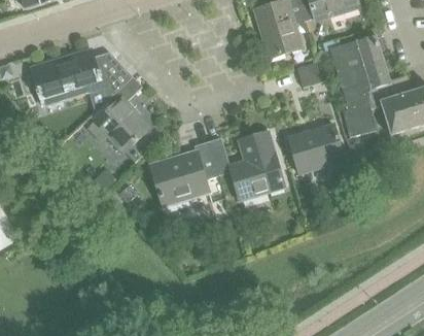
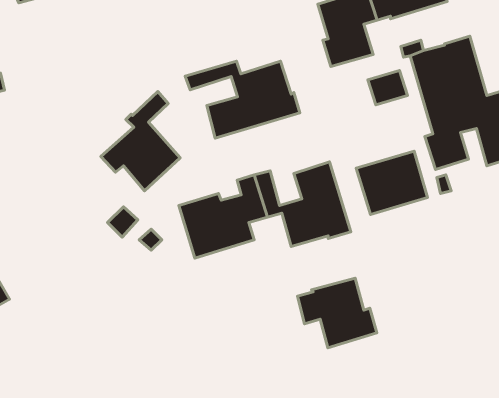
building: [22,48,133,105] -> none
building: none -> [185,61,300,138]
building: none -> [298,278,377,348]

